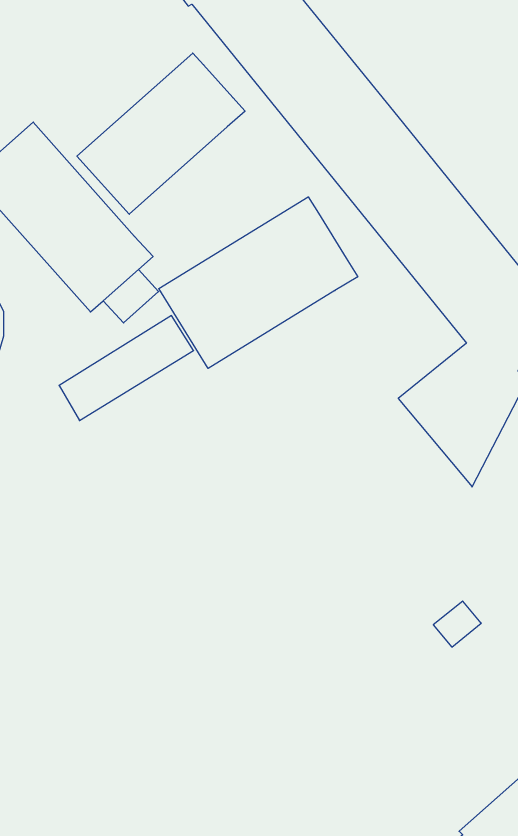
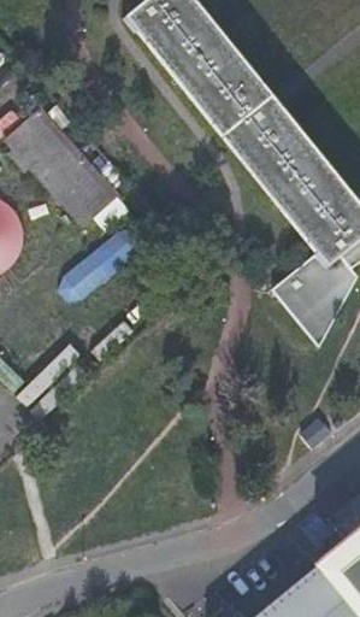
building: [77,53,245,214] -> none
building: [159,197,358,368] -> none

